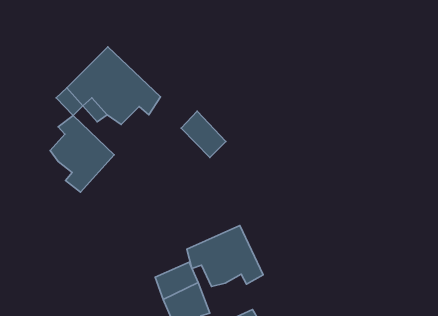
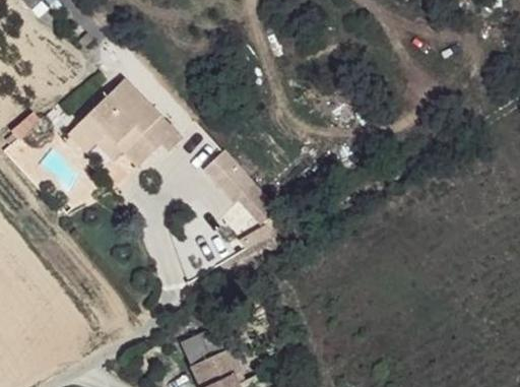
building: [50,116,114,192] -> none
building: [187,225,263,287] -> none

